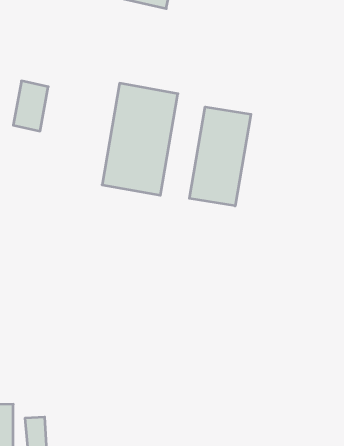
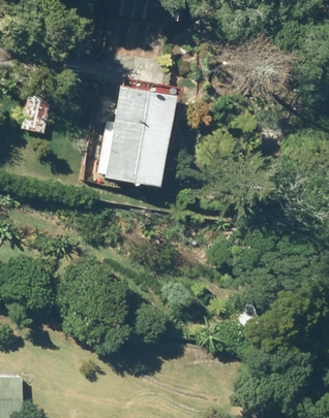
building: [189,107,251,206] -> none

